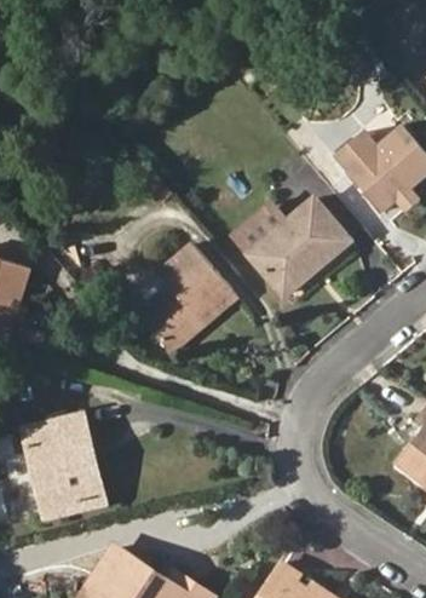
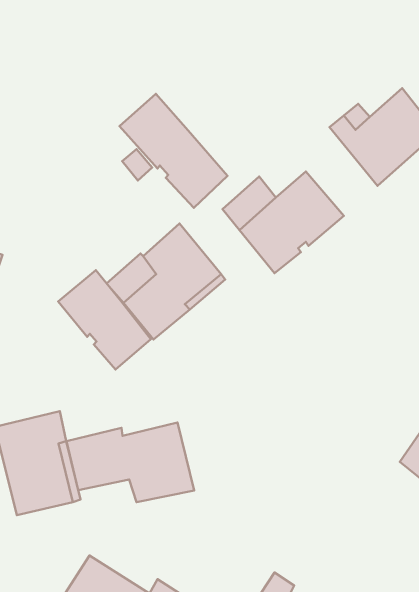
building: none -> [119,94,227,208]
building: none -> [58,270,151,370]
building: none -> [66,422,194,502]

